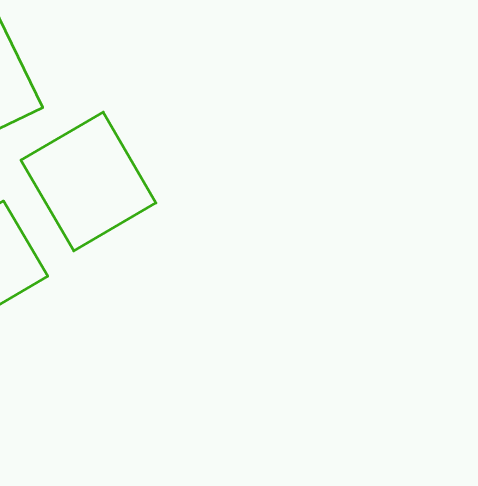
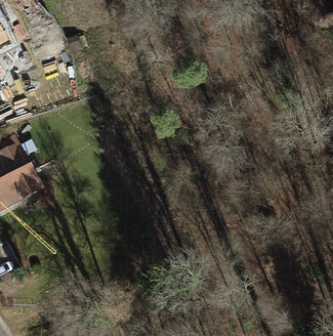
building: [21,112,156,251] -> none

